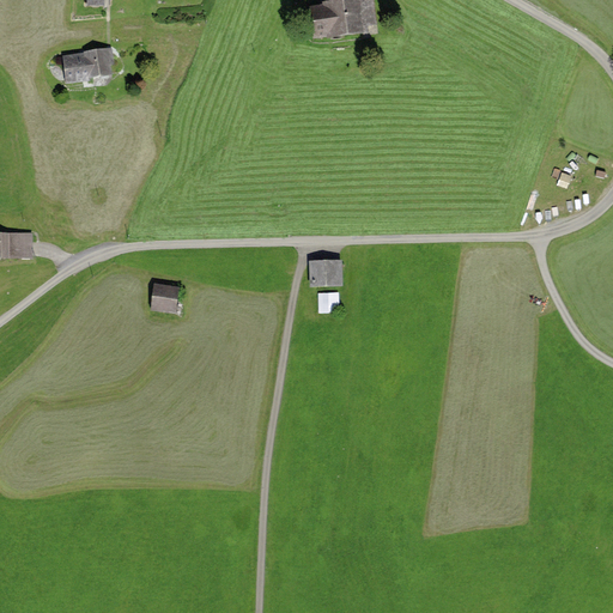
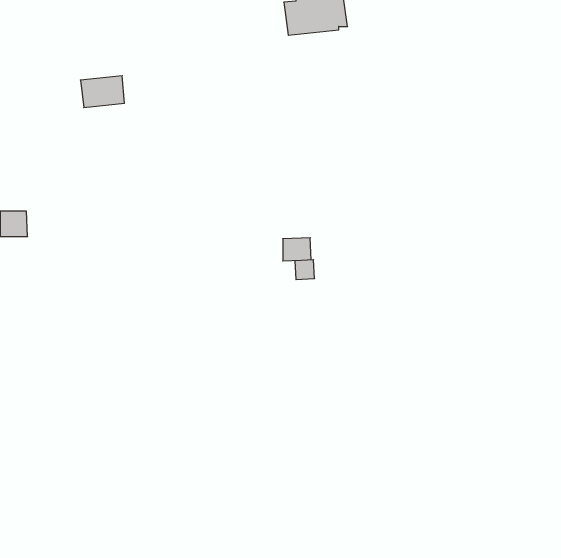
building: [65,47,113,81] -> [80,76,124,108]
building: [147,283,177,312] -> none

